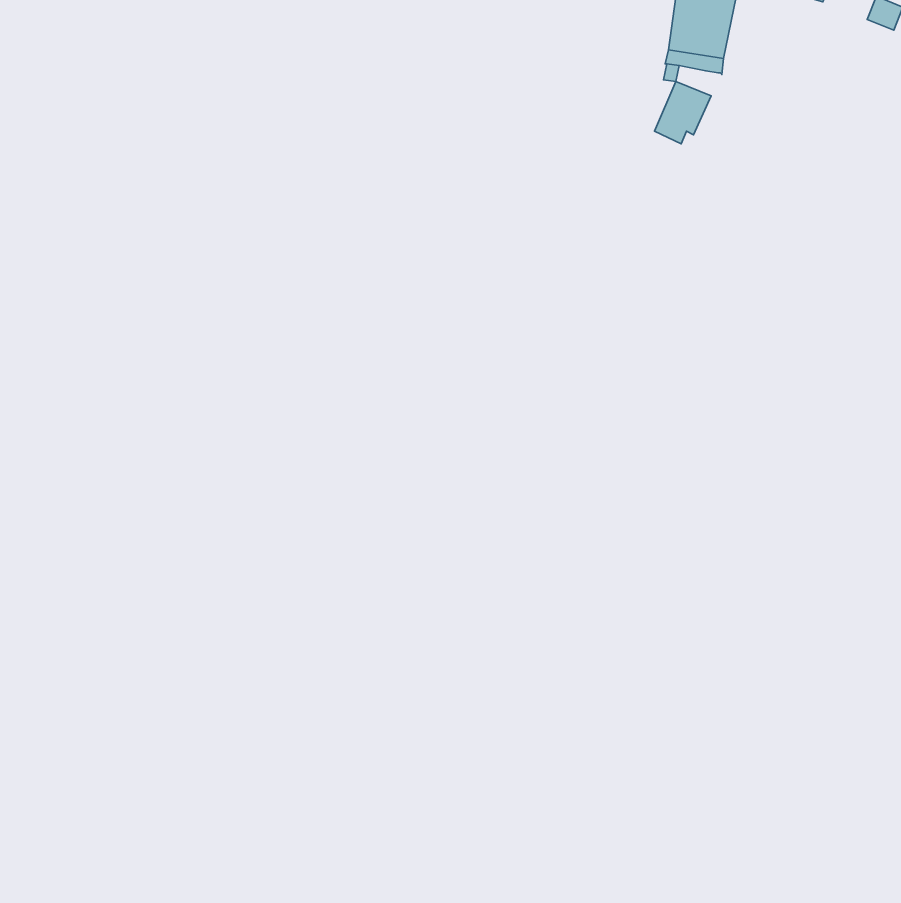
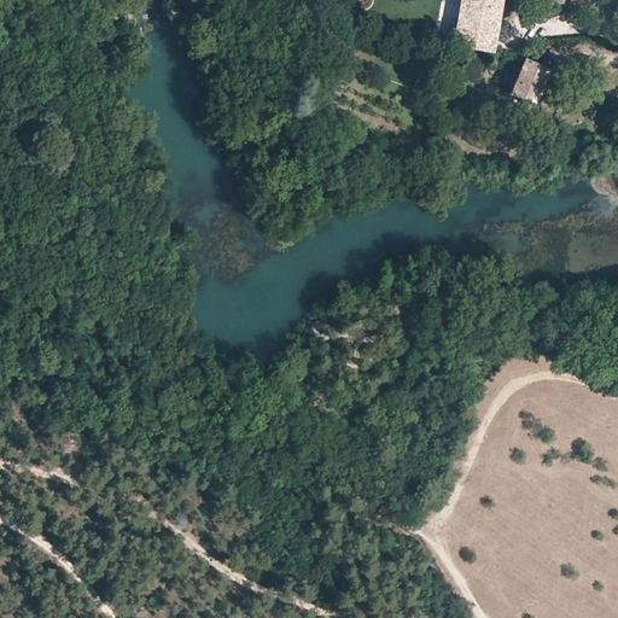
building: [654,82,711,144] -> [513,56,552,98]

